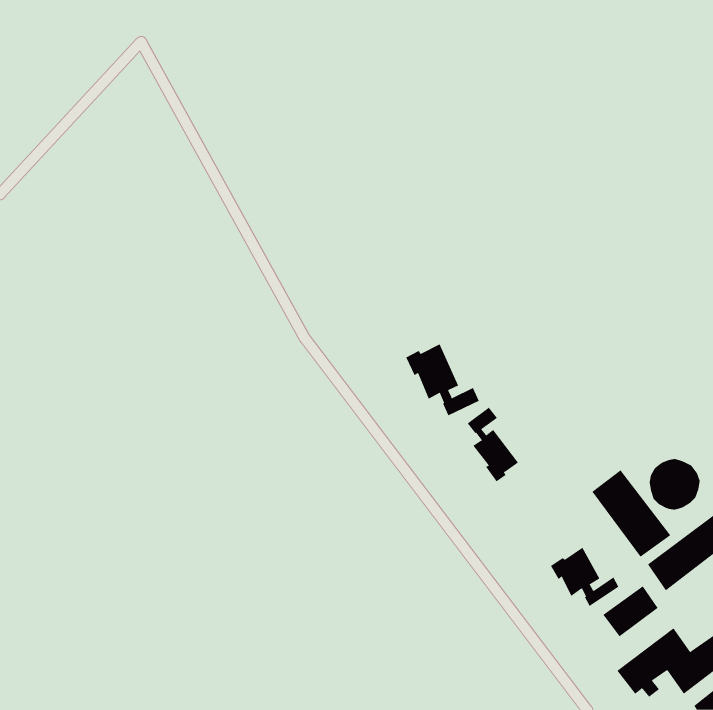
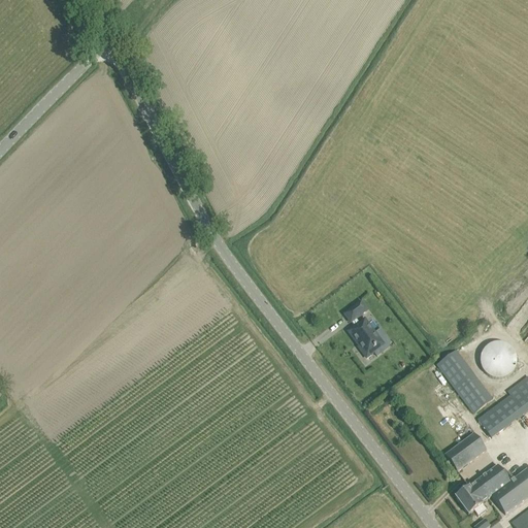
building: [406,343,480,416] -> none
building: [550,547,619,607] -> none

